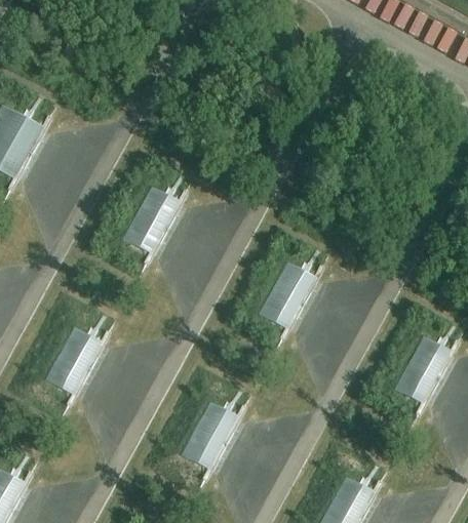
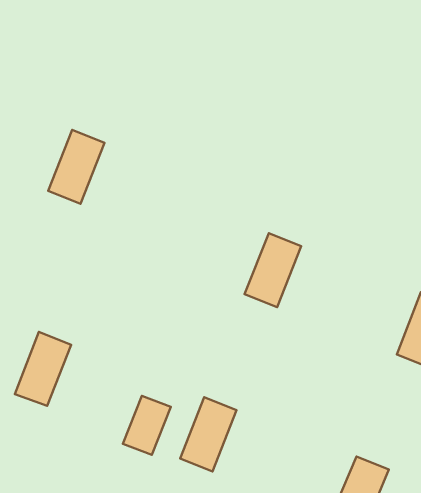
building: [121,186,178,253] -> [48,130,105,204]
building: none -> [123,396,171,455]

